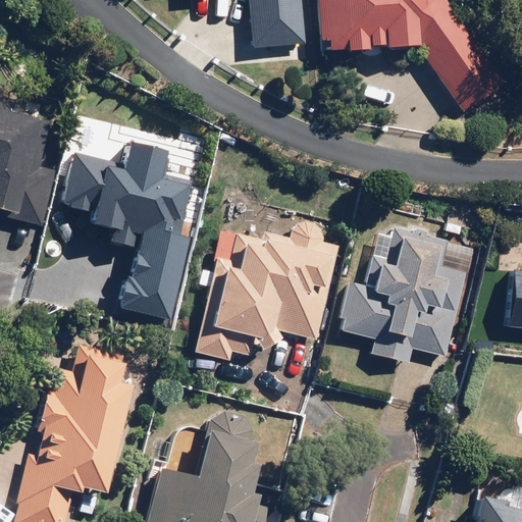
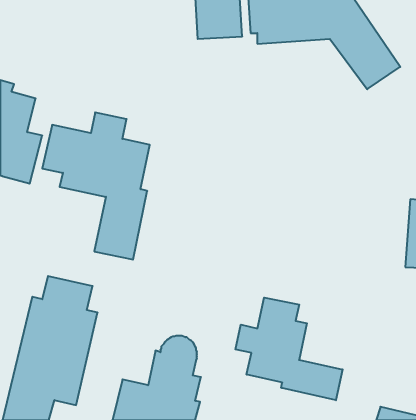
building: [192,218,344,362] -> none
building: [336,227,467,363] -> none
building: none -> [235,298,343,400]

